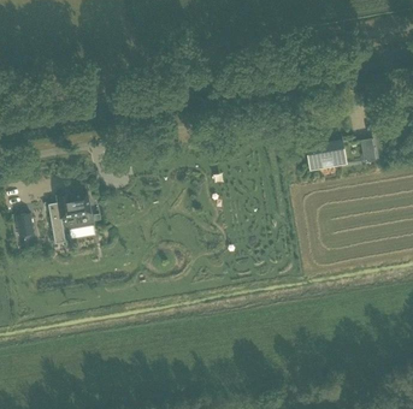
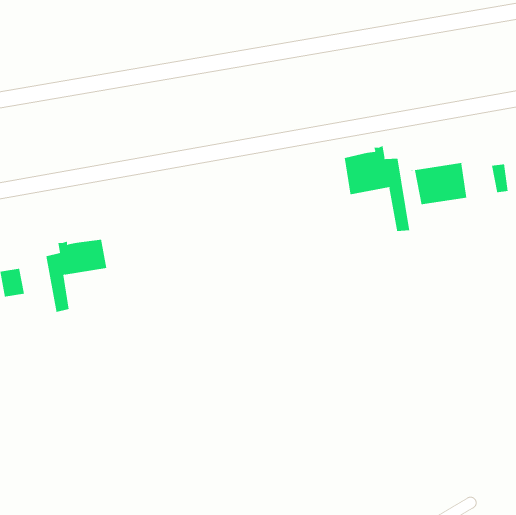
building: none -> [344,145,410,232]

